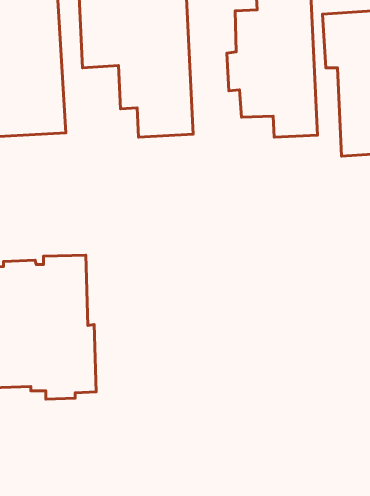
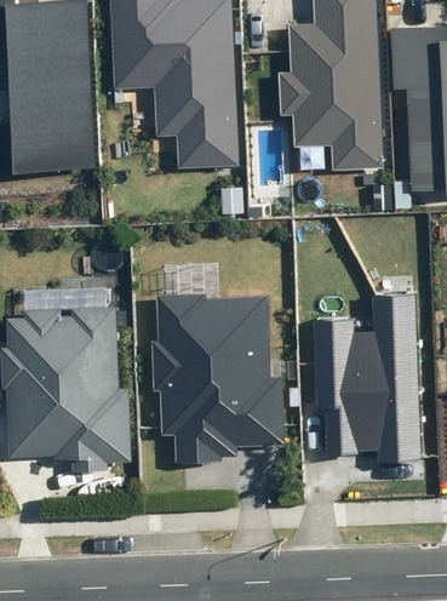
building: none -> [153,294,285,463]
building: none -> [311,294,423,463]

